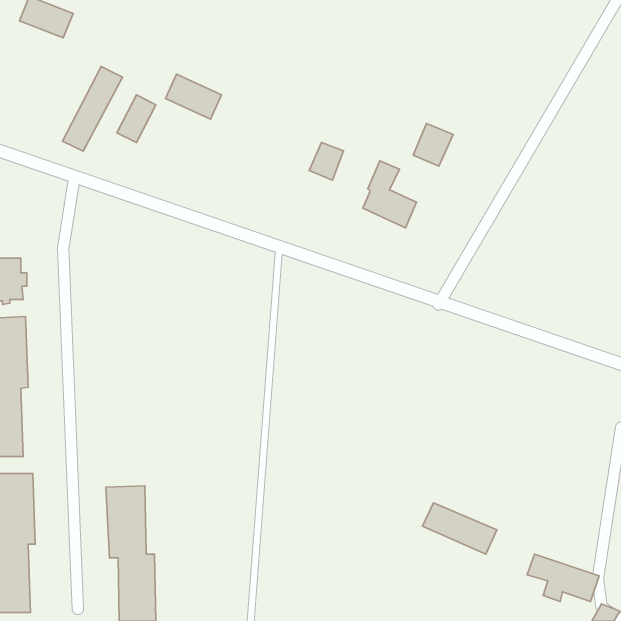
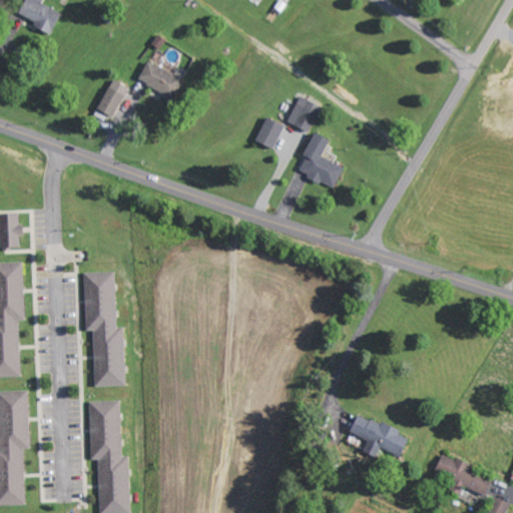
building: [63,66,123,151] -> none
building: [413,123,453,166] -> [288,96,321,131]
building: none -> [82,271,124,386]

